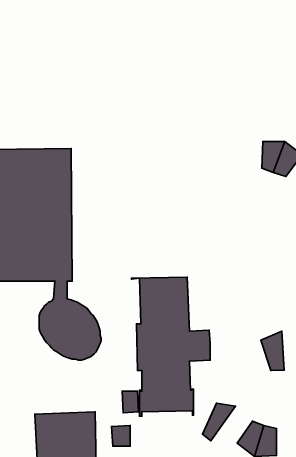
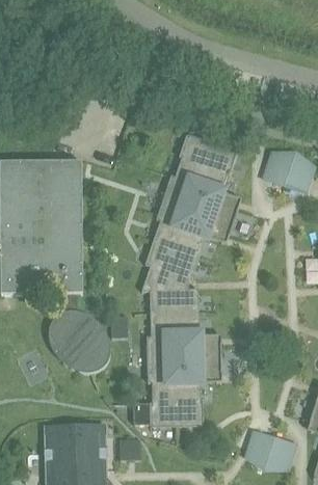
building: none -> [142,131,239,290]
building: [261,331,284,371] -> none
building: [202,403,235,441] -> none

